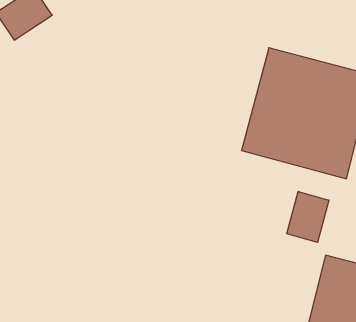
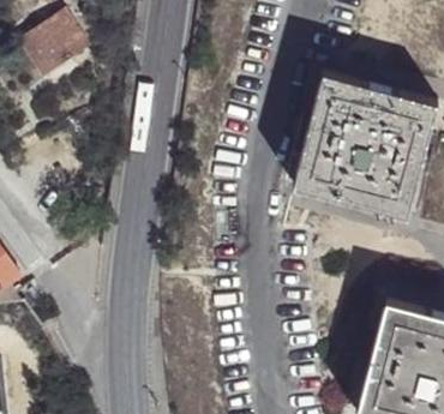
building: [287,191,329,242] -> none

